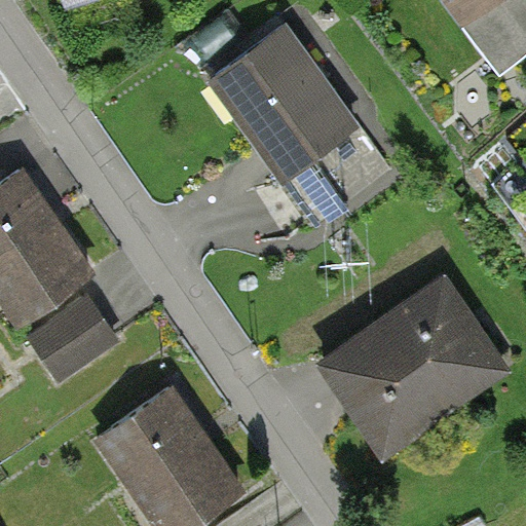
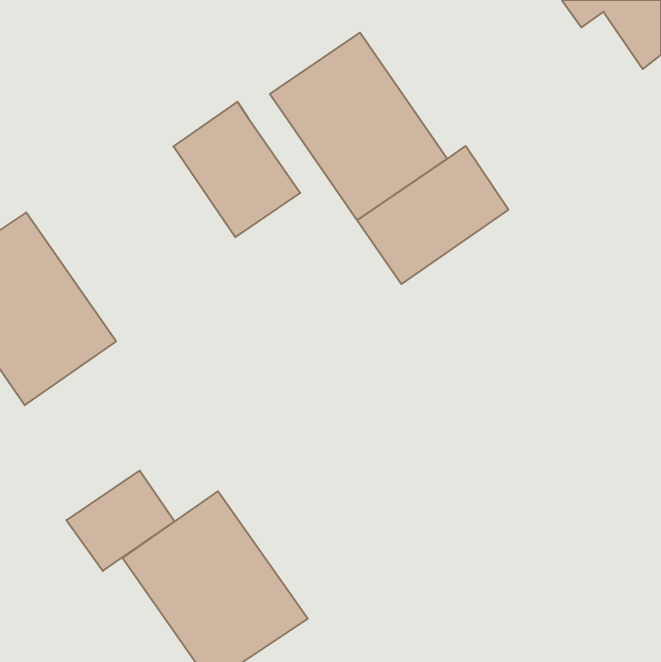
building: none -> [173,102,300,237]
building: [317,276,511,458] -> none
building: [30,296,115,375] -> [66,471,175,571]

